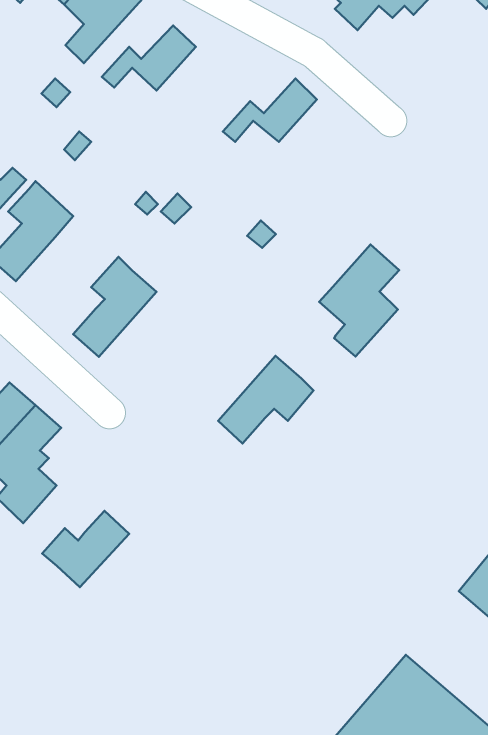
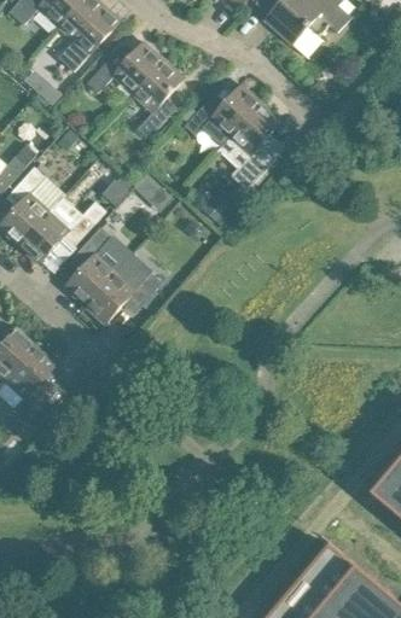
building: none -> [130,58,184,138]
building: none -> [18,198,106,263]
building: [319,244,399,356] -> [217,100,281,190]
building: [218,356,313,444] -> [85,253,161,323]
building: [42,511,129,587] -> none

